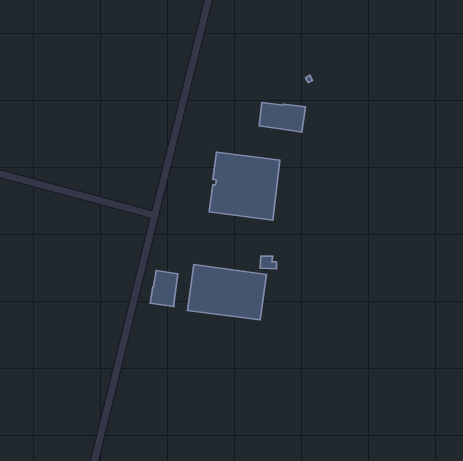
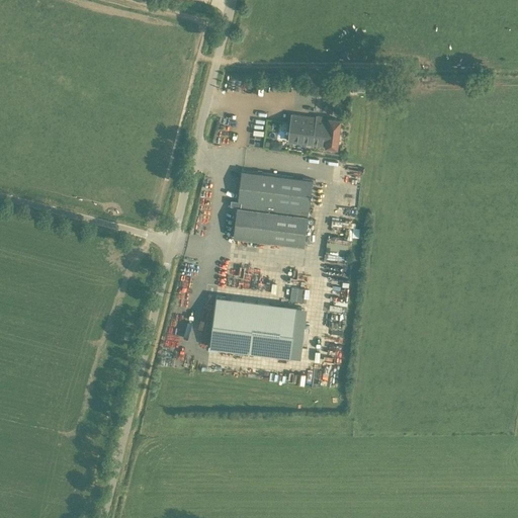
building: [150,270,178,307] -> none

